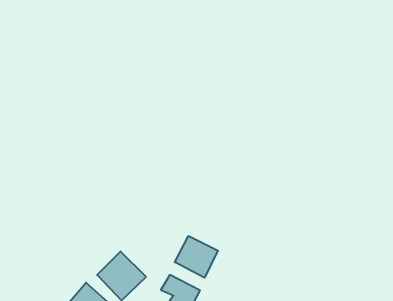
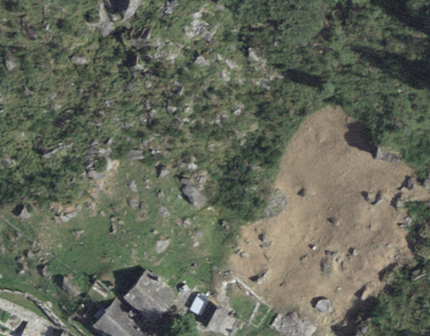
building: [175,236,218,278] -> none

